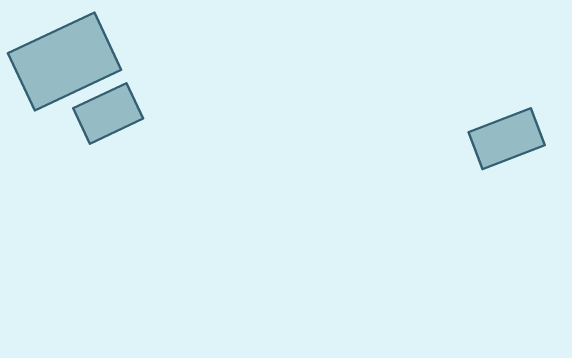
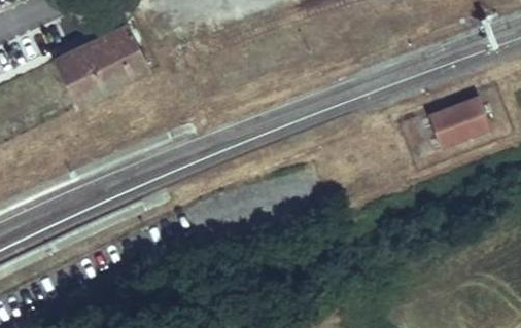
building: [73,83,143,144] -> none

